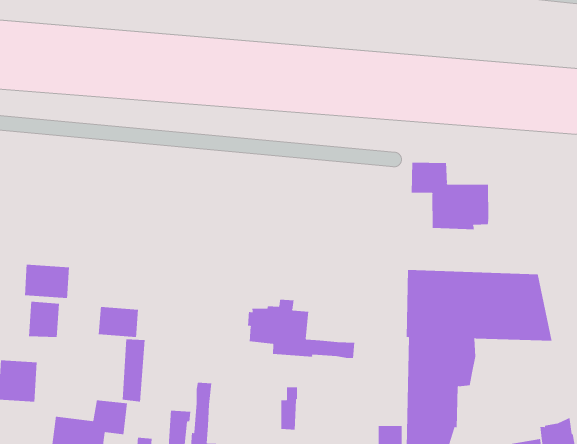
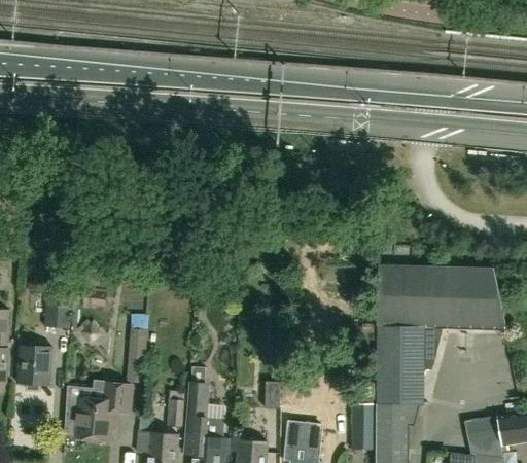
building: [411,162,489,230] -> none
building: [24,264,69,299] -> none
building: [247,299,355,359] -> none
building: [98,306,138,338] -> none

